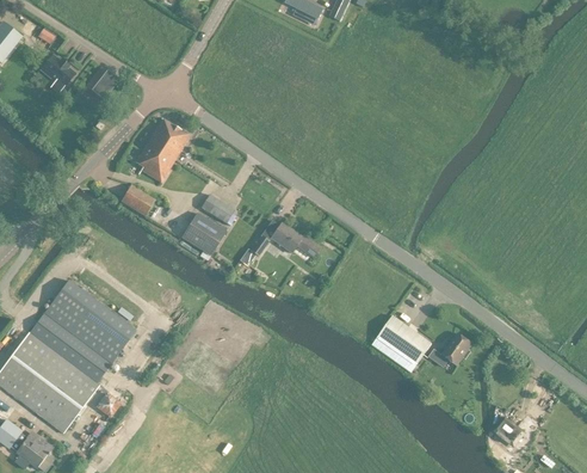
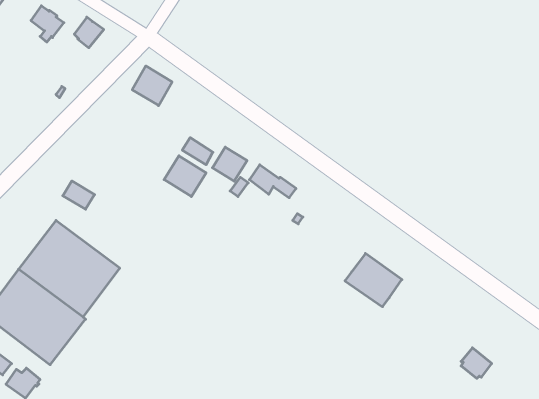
building: [136,143,174,183] -> none
building: [121,185,154,215] -> [63,181,95,209]
building: none -> [212,147,247,181]
building: [441,332,471,364] -> none

